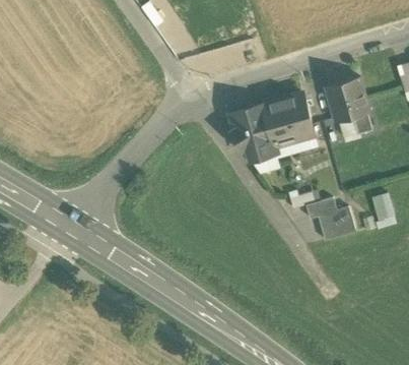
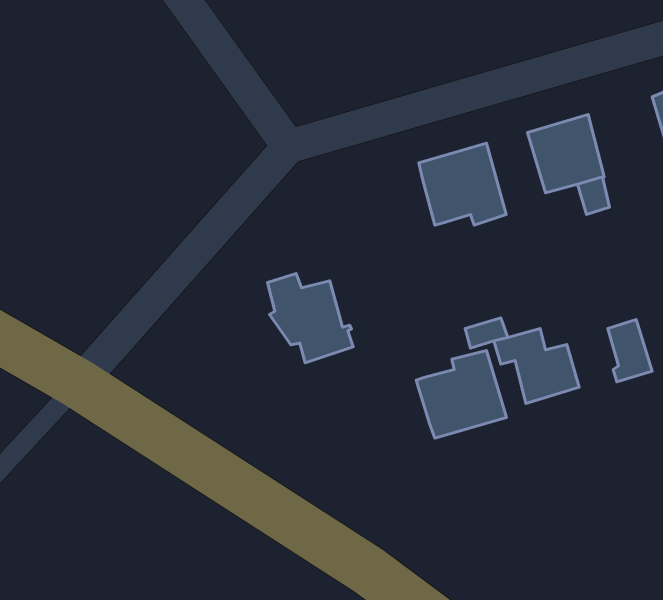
building: [230,109,279,160] -> [268,274,353,363]
building: none -> [416,350,507,438]

